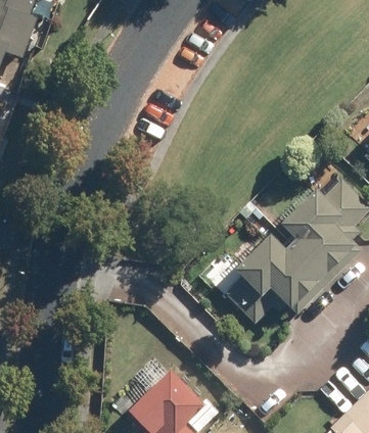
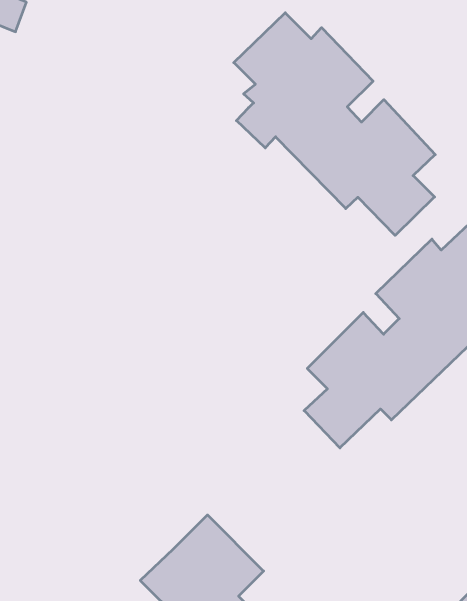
building: none -> [234,13,435,235]

